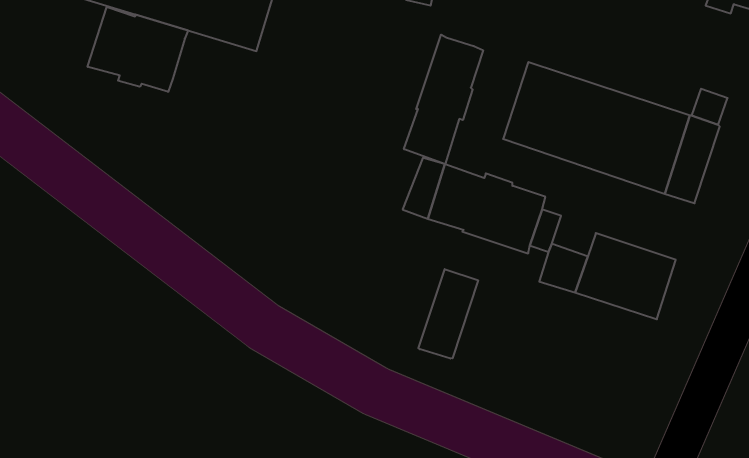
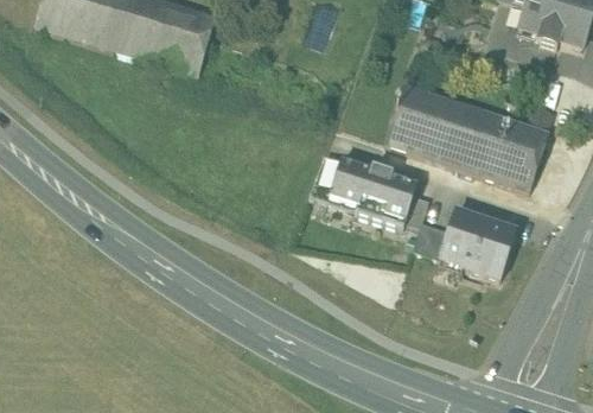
building: [88,7,188,92] -> none
building: [404,35,483,164] -> none
building: [418,269,478,359] -> none

